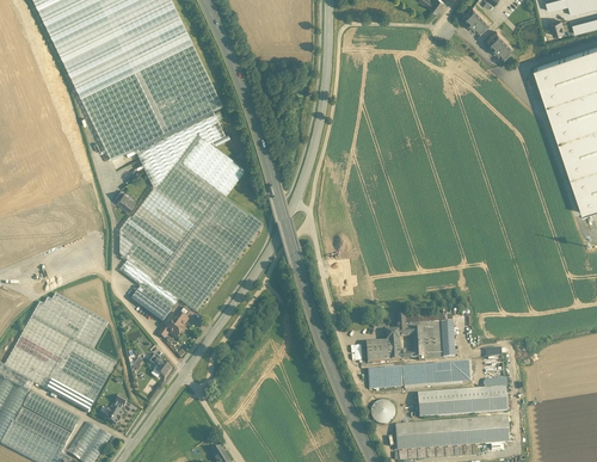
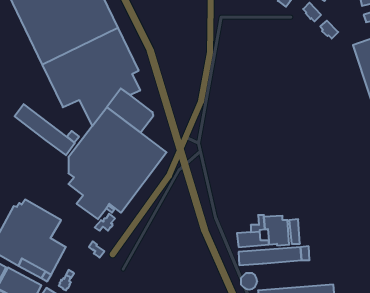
building: none -> [15,104,75,155]
building: [418,387,505,417] -> none

